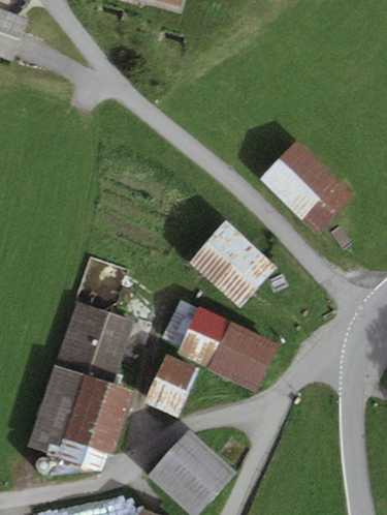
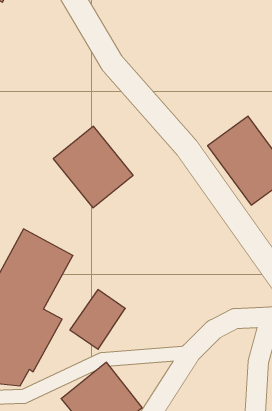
building: [188,220,277,308] -> [53,126,133,208]
building: [160,299,279,391] -> none

